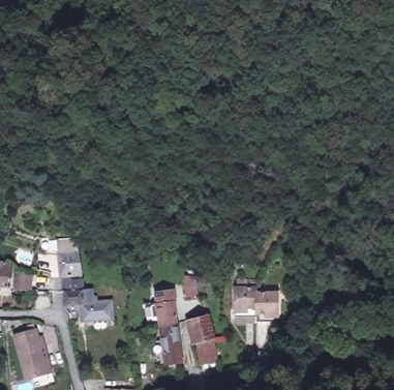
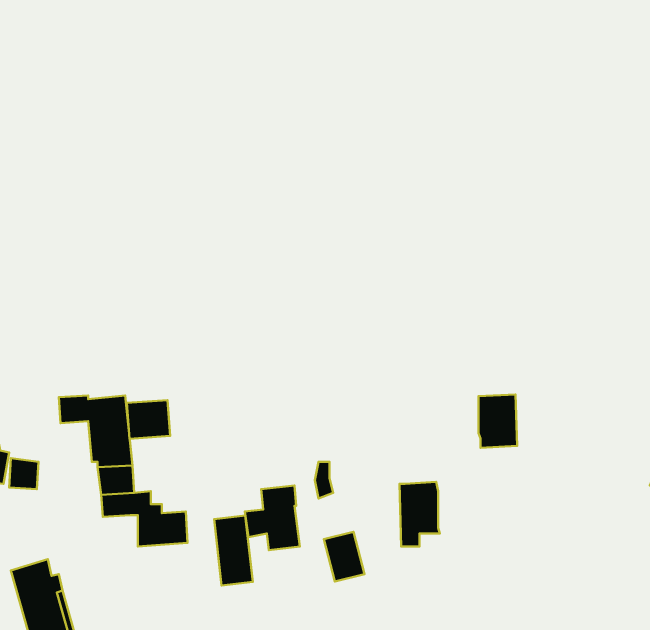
building: none -> [127,400,170,439]
building: [254,290,276,320] -> [479,394,517,448]
building: [159,322,181,361] -> [214,515,253,585]
building: [196,337,218,363] -> none

